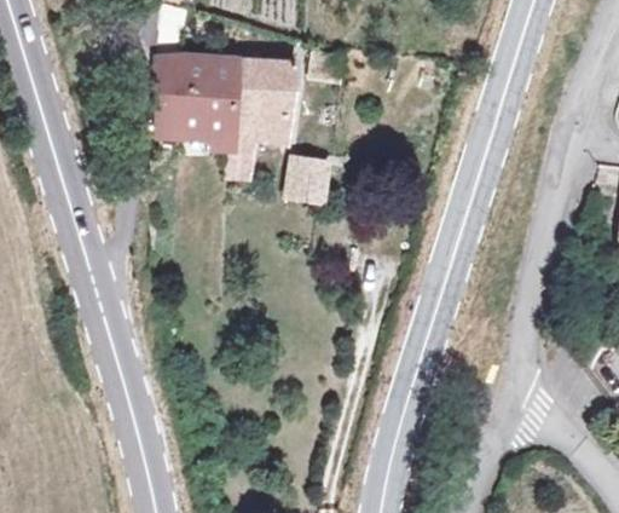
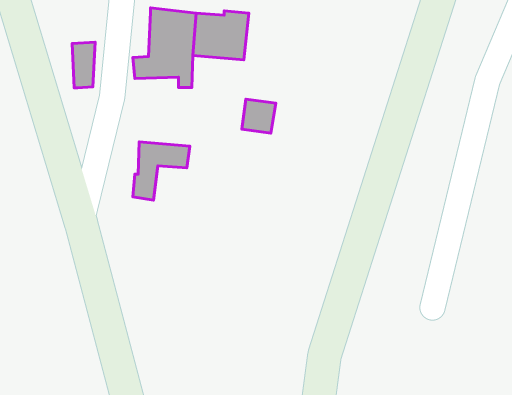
building: [155,58,181,111] -> [72,42,95,88]
building: [224,109,290,177] -> [133,142,190,200]

